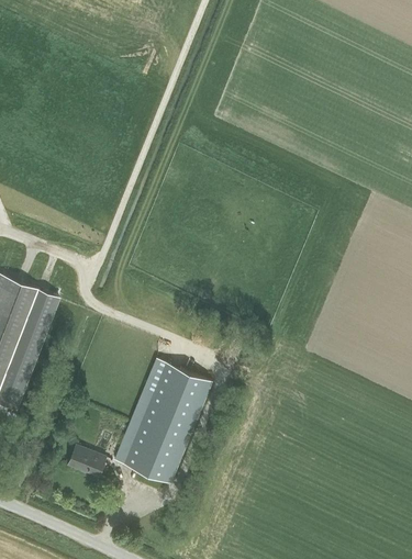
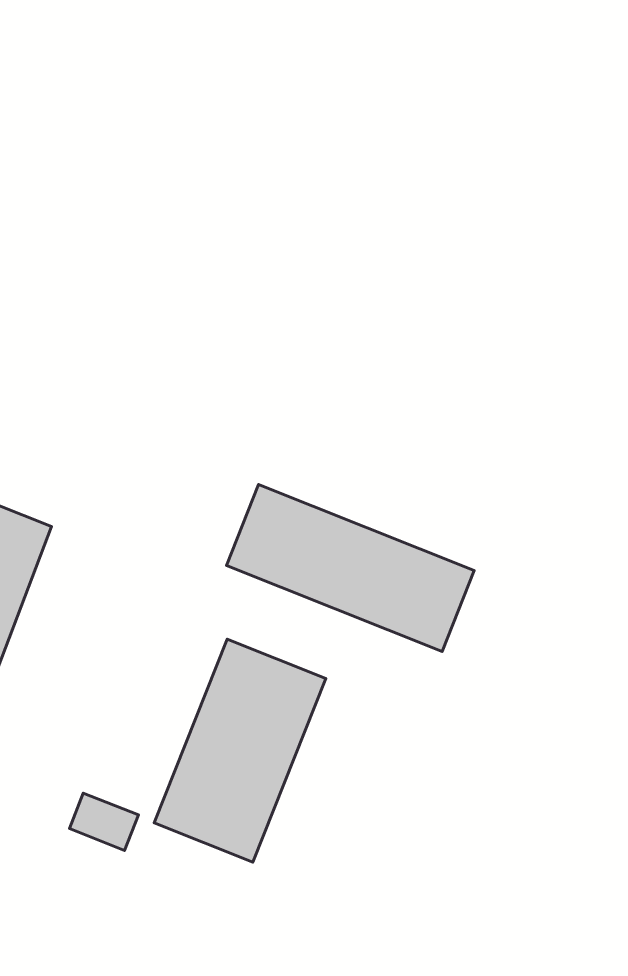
building: none -> [226,485,474,651]

